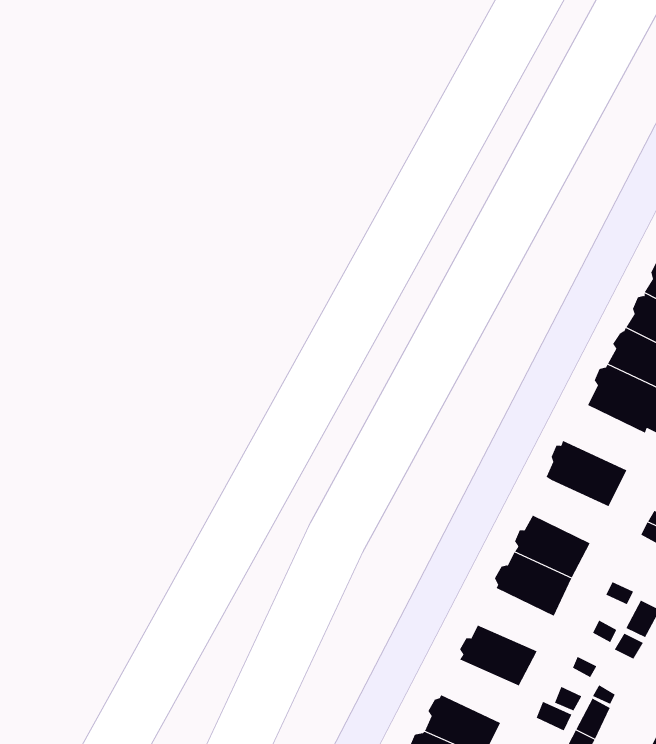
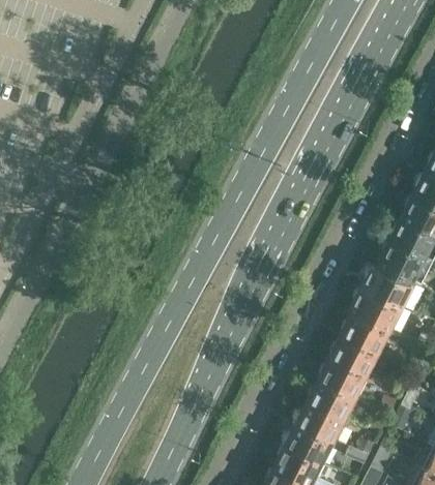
building: none -> [362,266,415,306]
building: none -> [343,312,392,352]
building: none -> [310,380,357,419]
building: none -> [287,424,336,463]

